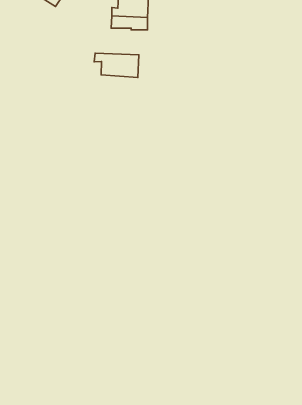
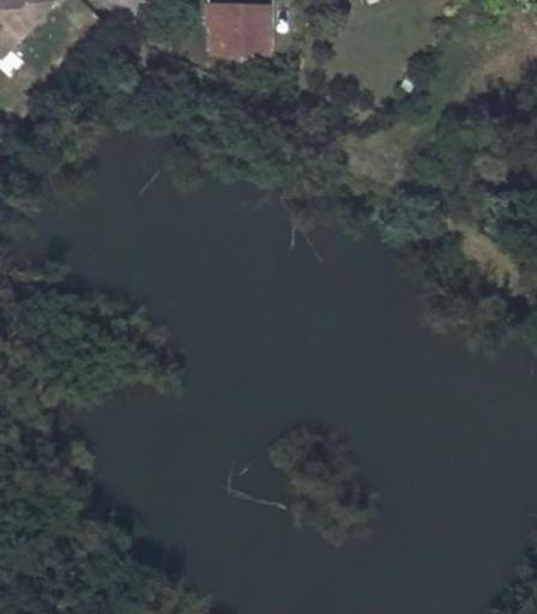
building: [94,53,139,78] -> none

